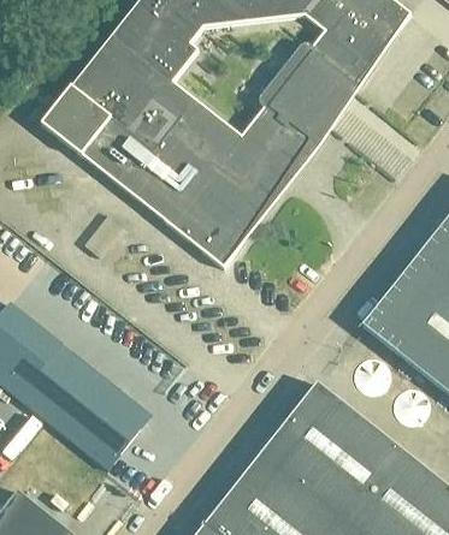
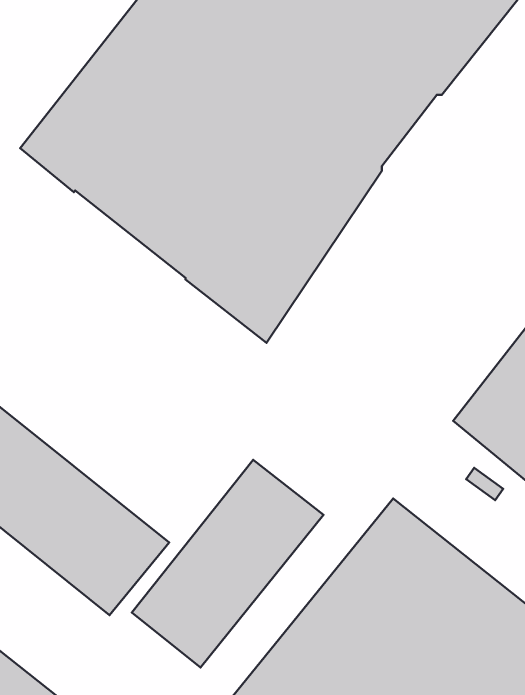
building: none -> [132,460,323,668]

